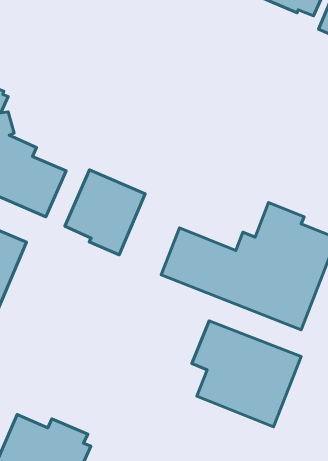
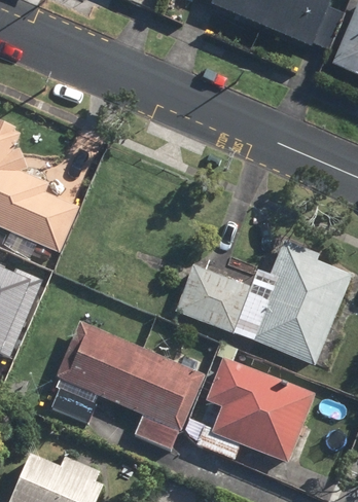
building: [65,170,145,255] -> none
building: none -> [50,321,206,452]

